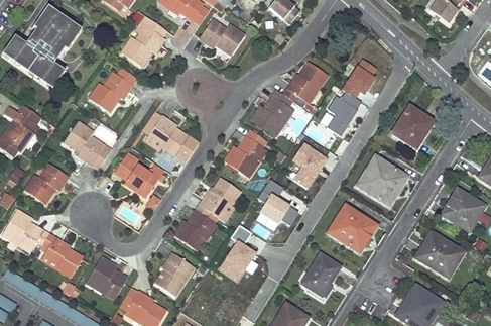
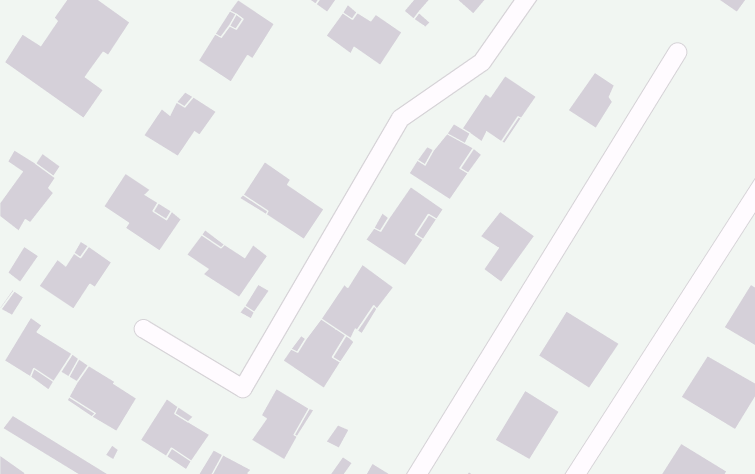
building: [327,90,360,134] -> none
building: [391,105,433,147] -> none
building: [356,154,407,205] -> none
building: [257,178,297,224] -> none
building: [220,224,254,278] -> none

